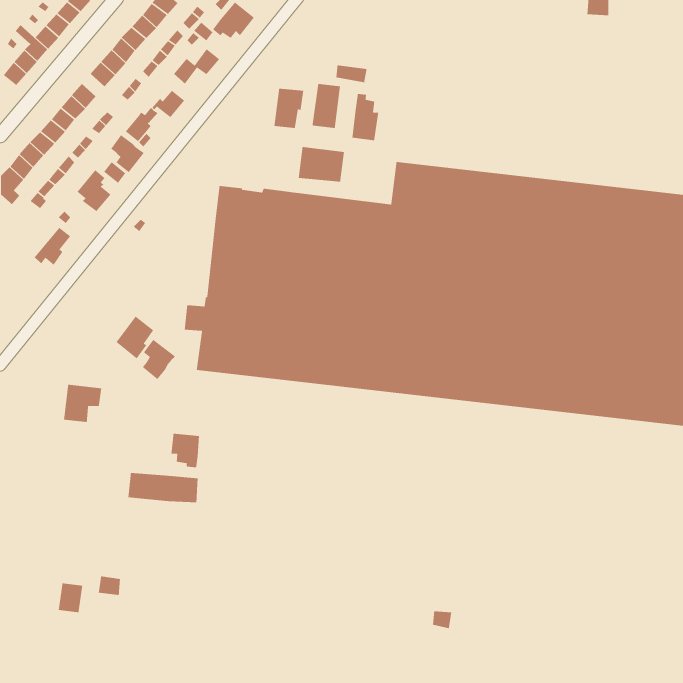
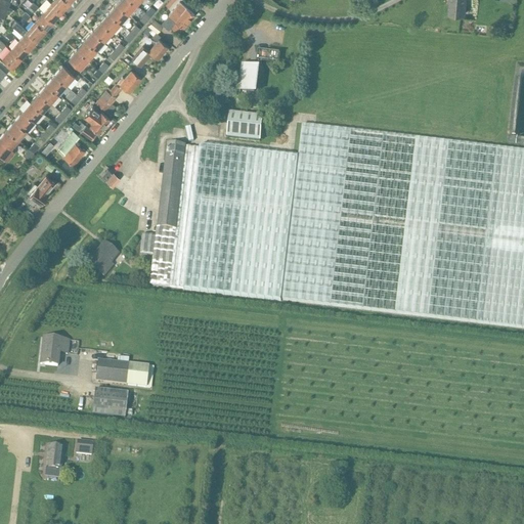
building: [273,88,304,129] -> none
building: [351,93,379,141] -> none
building: [142,339,176,380] -> none
building: [63,384,102,423] -> [42,336,72,365]
building: [171,433,200,468] -> none
building: none -> [94,388,130,417]

